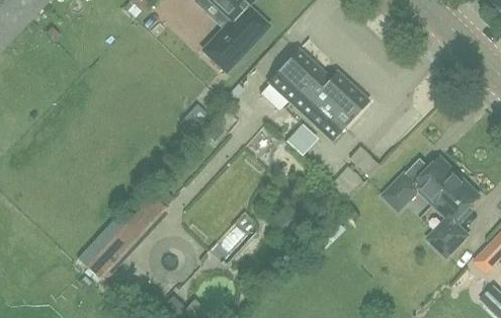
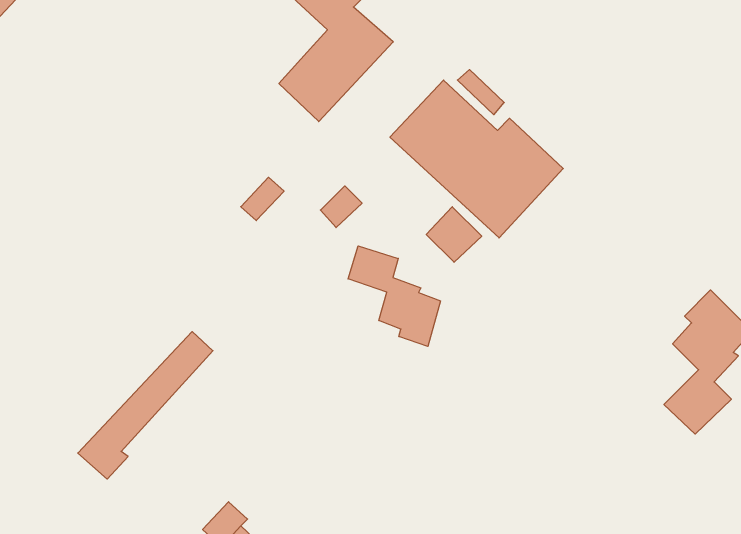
building: none -> [348,246,441,346]
building: [384,156,454,208] -> none

